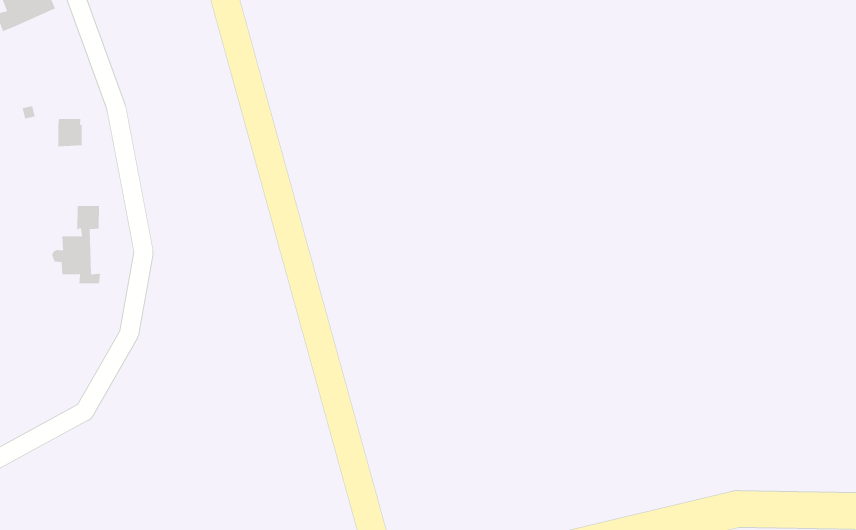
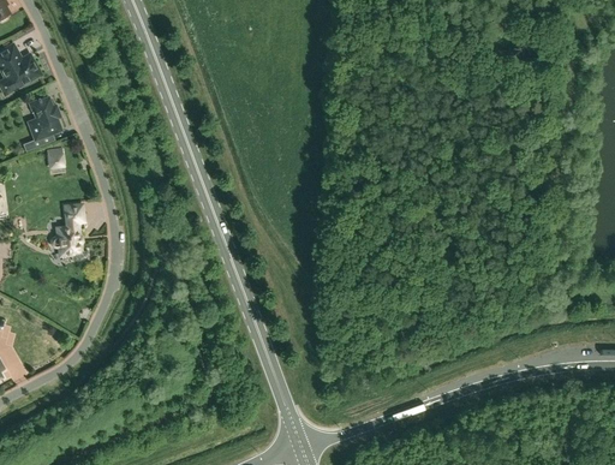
building: none -> [28,97,60,141]

